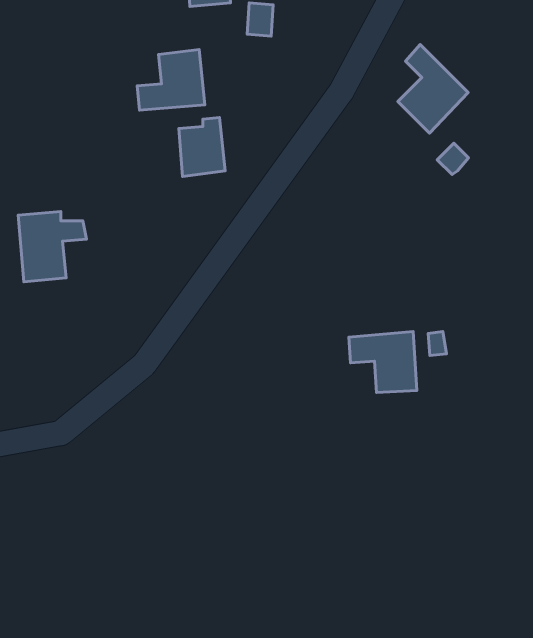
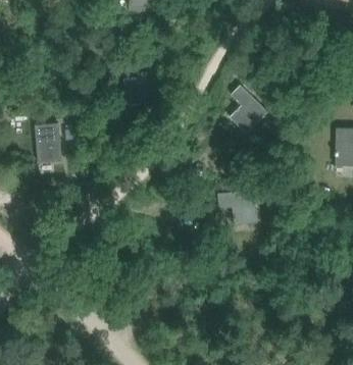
building: [398,44,468,133] -> [230,86,268,135]
building: [137,50,205,110] -> none

